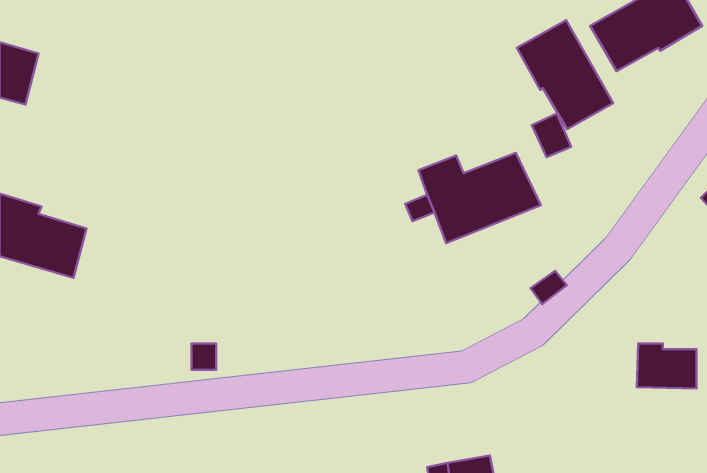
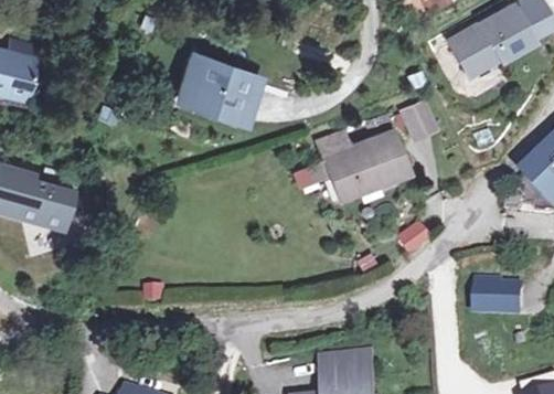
building: [517,20,613,129] -> none
building: none -> [185,64,257,119]

